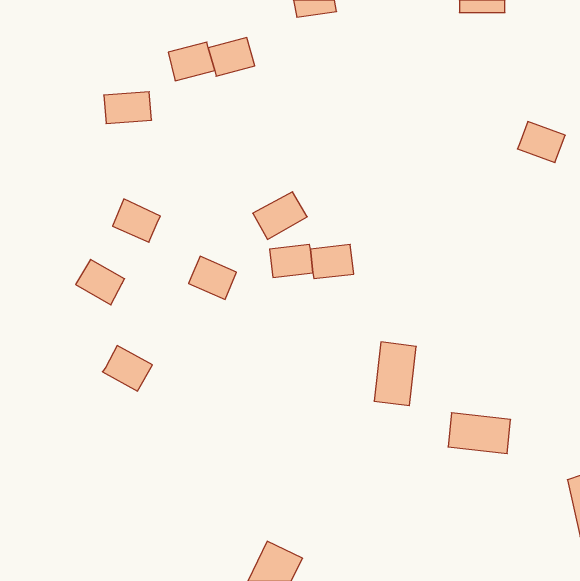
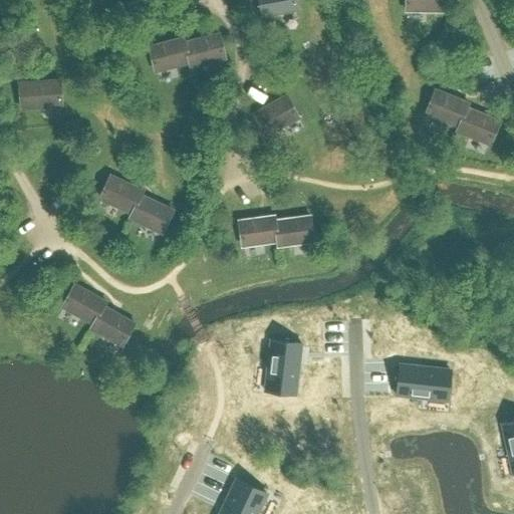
building: [104,92,152,124] -> [20,80,62,108]
building: none -> [427,89,469,126]
building: [253,192,307,239] -> [251,95,299,138]
building: [189,256,236,299] -> [131,195,173,233]
building: [76,259,125,305] -> [63,284,106,324]
building: [374,342,416,406] -> [265,339,302,396]

